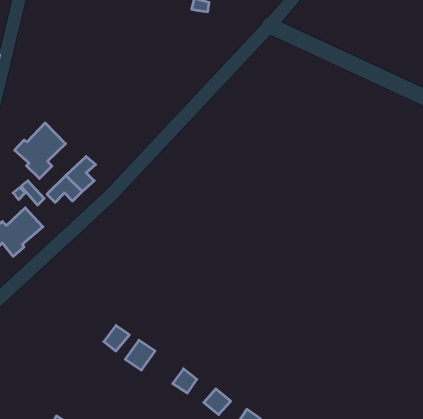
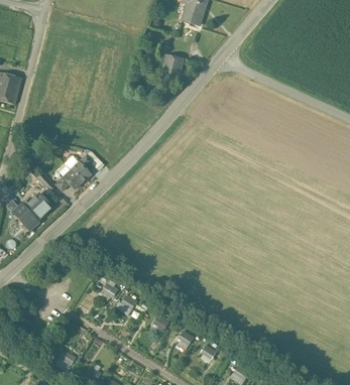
building: none -> [161,53,185,79]
building: [15,123,66,179] -> none

